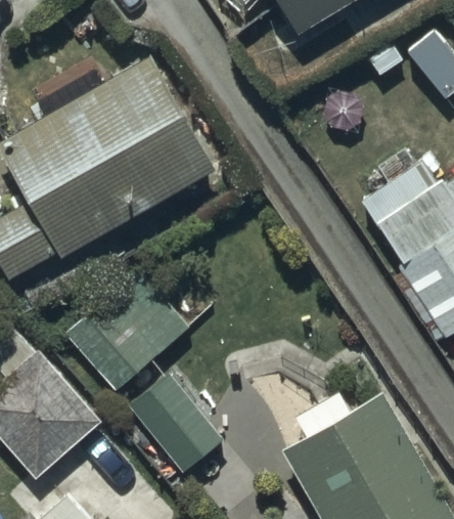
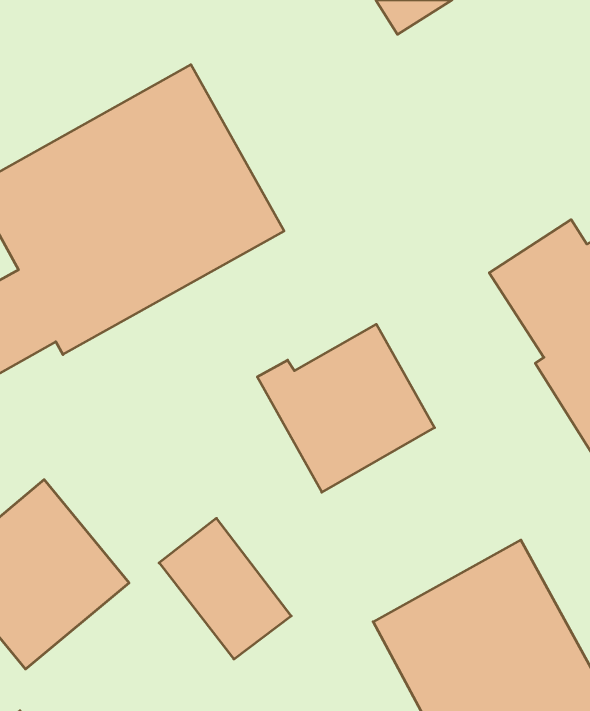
building: none -> [257,324,435,492]
building: [64,269,191,395] -> none

